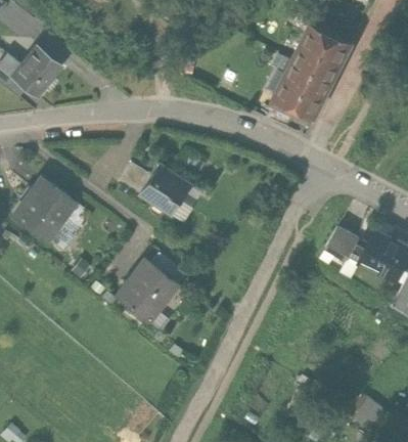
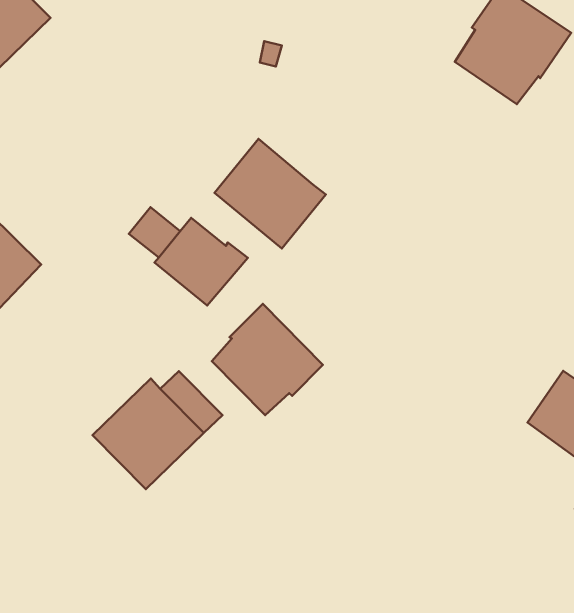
building: [267,61,331,128] -> none
building: none -> [215,139,326,248]
building: none -> [212,304,323,415]
building: [320,226,358,268] -> none

